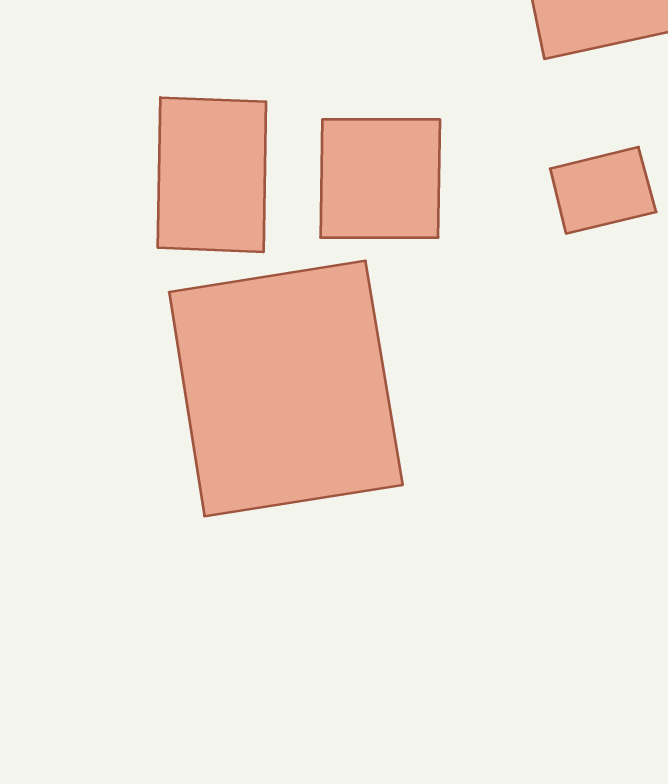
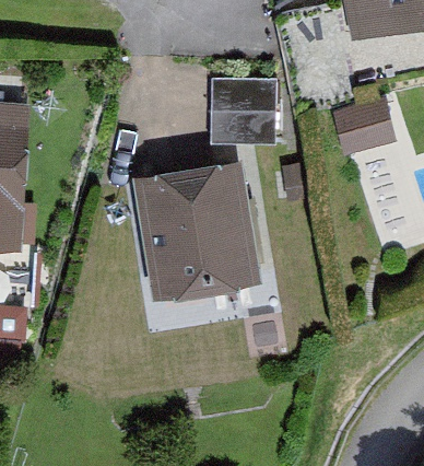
building: [158,97,266,252] -> none

